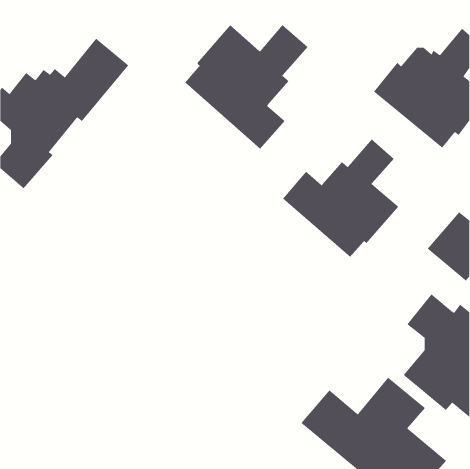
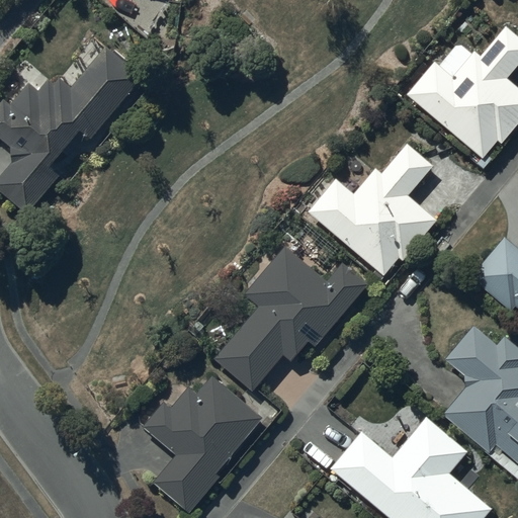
building: [185,24,309,150] -> none
building: none -> [214,246,367,390]
building: none -> [142,375,262,512]

